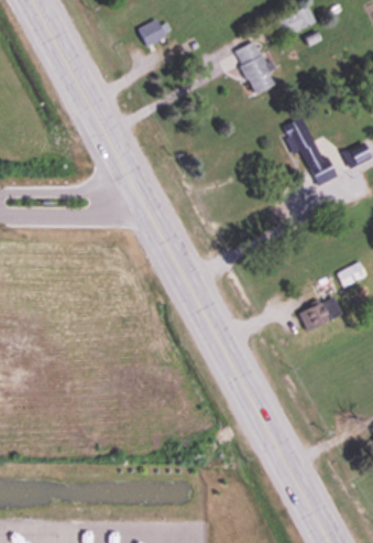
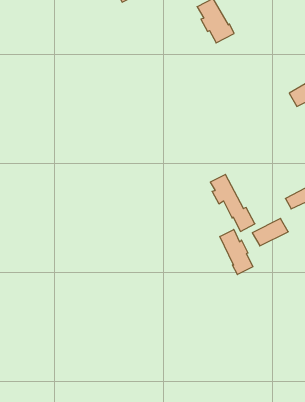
building: [285,119,337,185] -> [210,174,255,231]
building: none -> [220,229,253,275]

